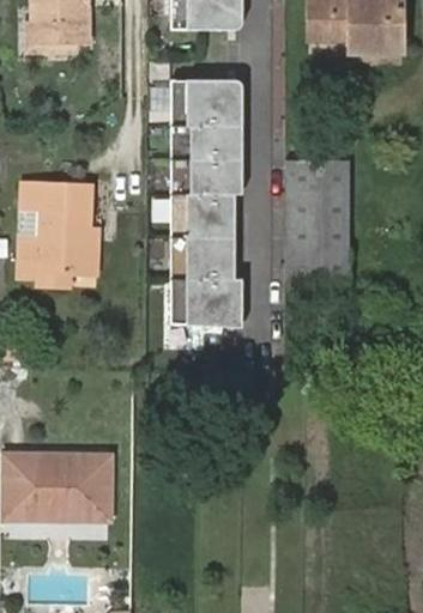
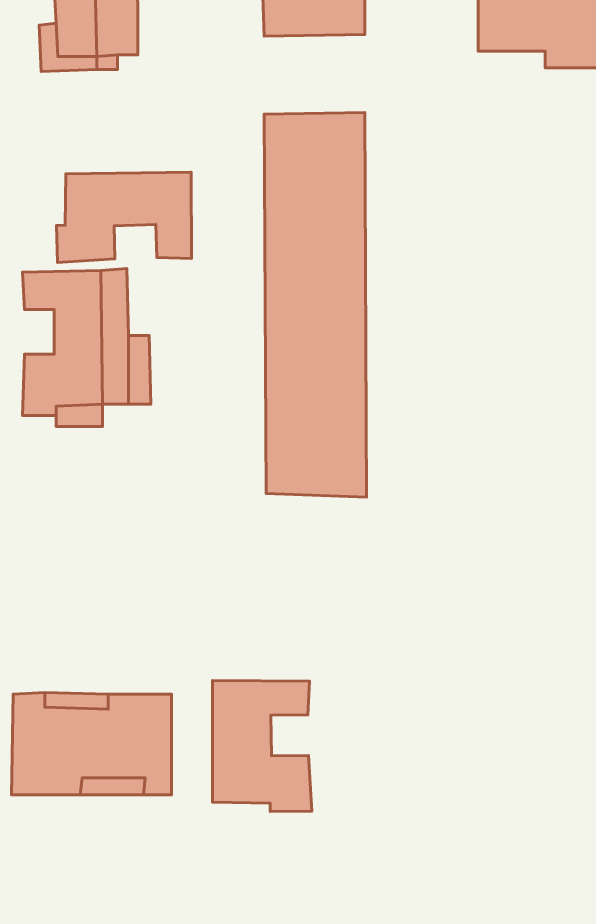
building: none -> [57,172,192,263]
building: [288,162,350,293] -> none
building: none -> [212,680,312,812]

